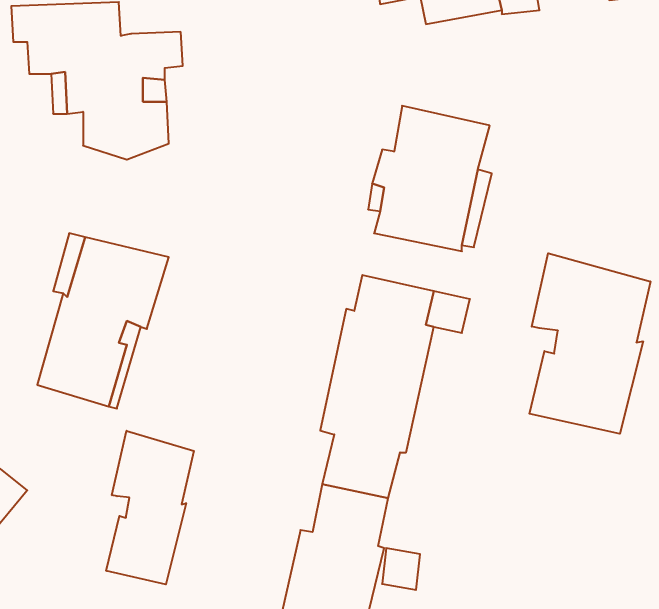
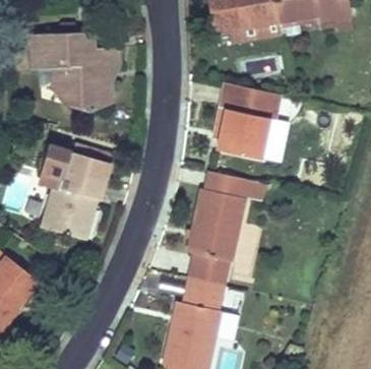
building: [529,253,650,434] -> none
building: [106,431,194,584] -> none

